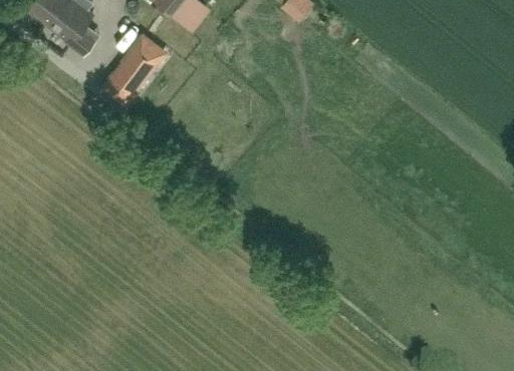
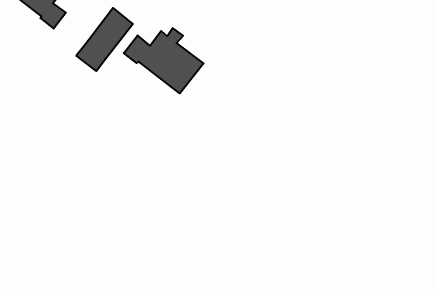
building: none -> [124,28,204,93]

